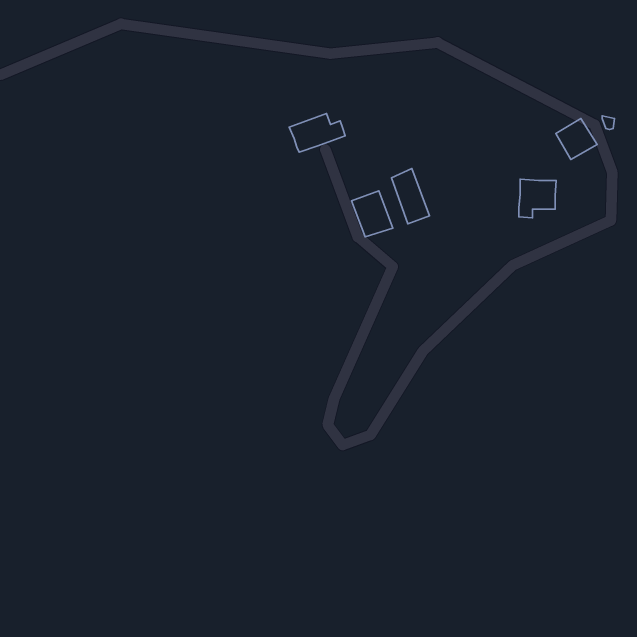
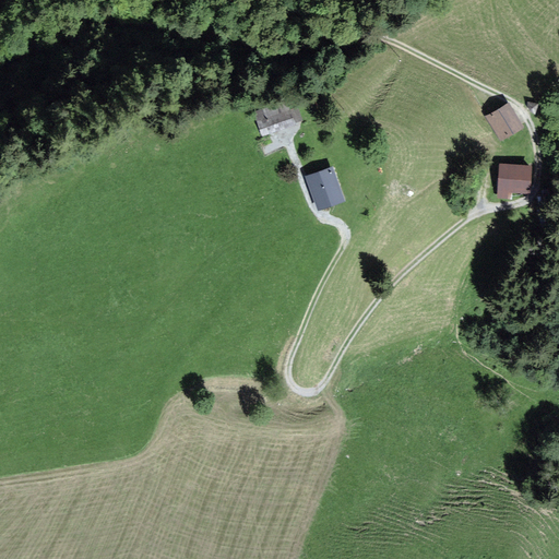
building: [391,168,429,224] -> none
building: [519,179,556,218] -> [498,164,531,198]

